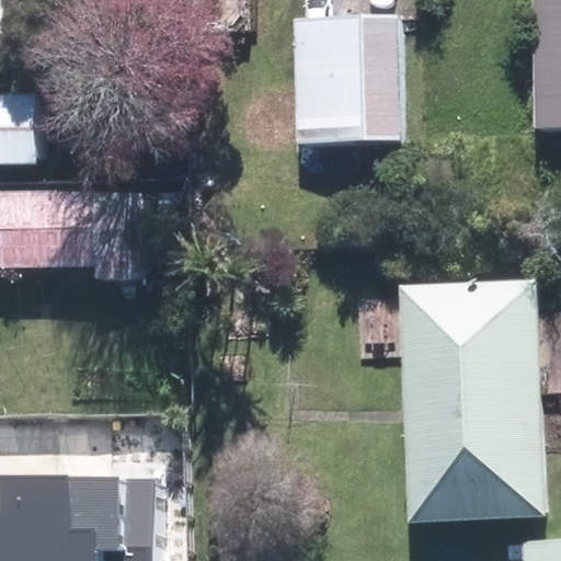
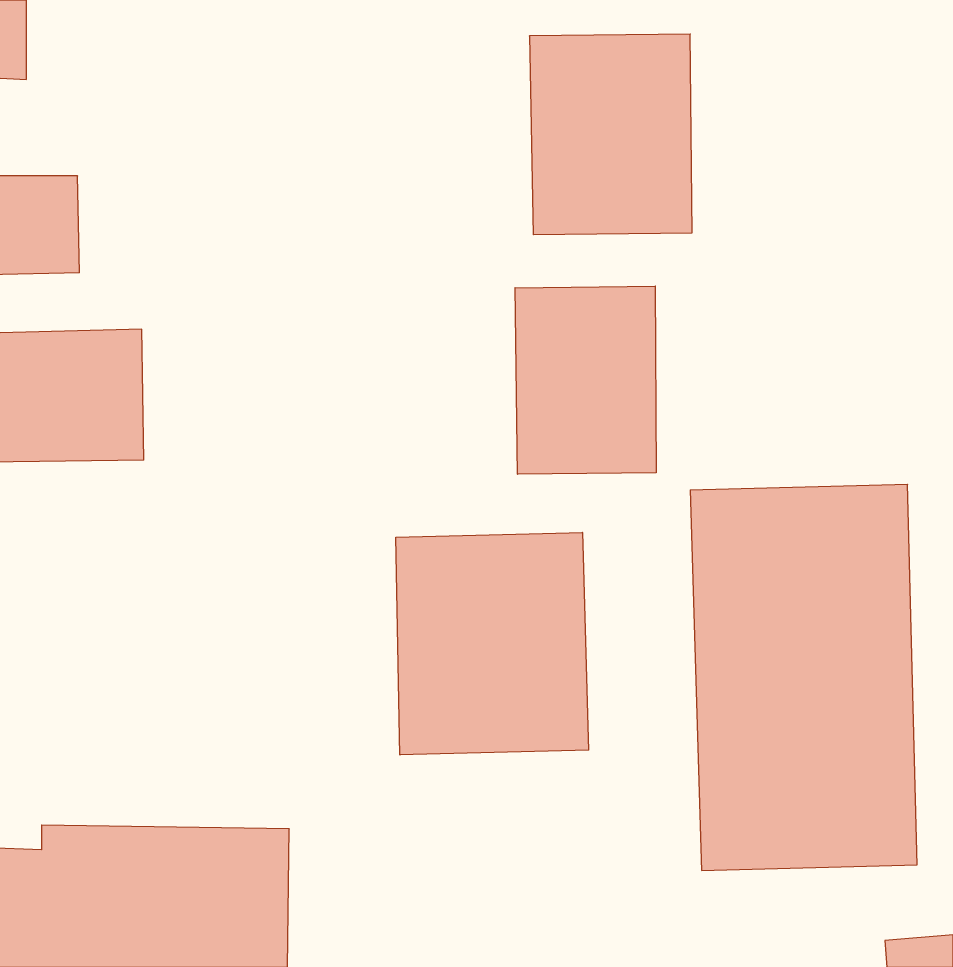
building: none -> [515,286,656,474]
building: none -> [396,532,589,755]

